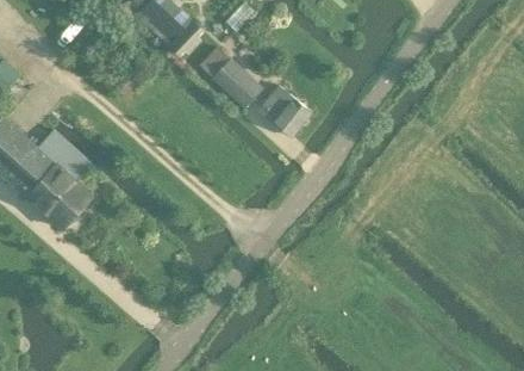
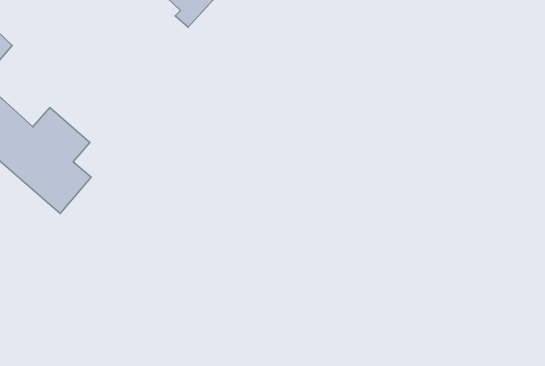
building: [205,47,262,106] -> none
building: [258,85,311,136] -> none

